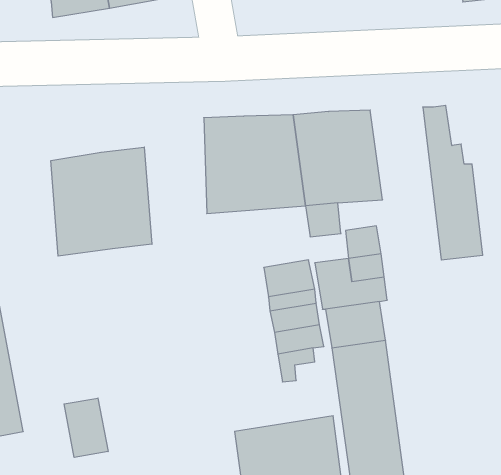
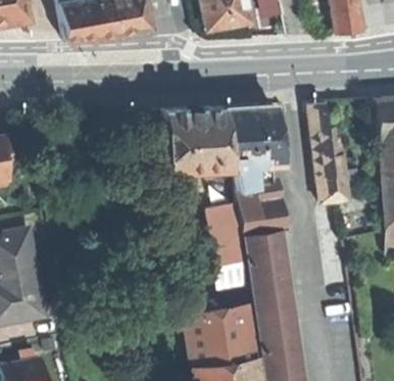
building: [51,147,152,256] -> none
building: [64,398,108,457] -> none

